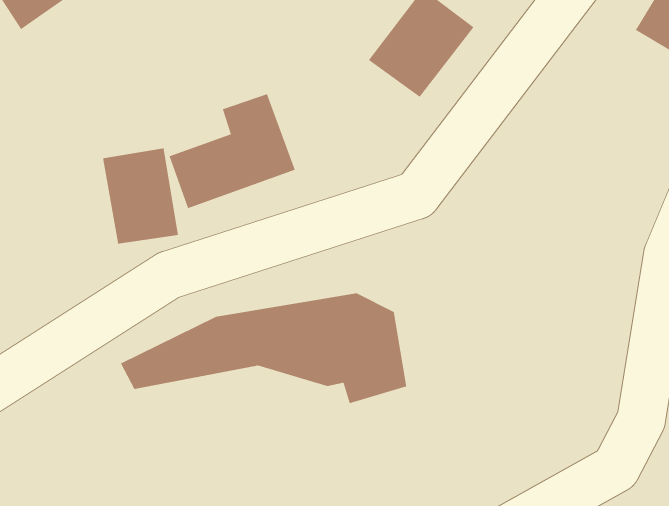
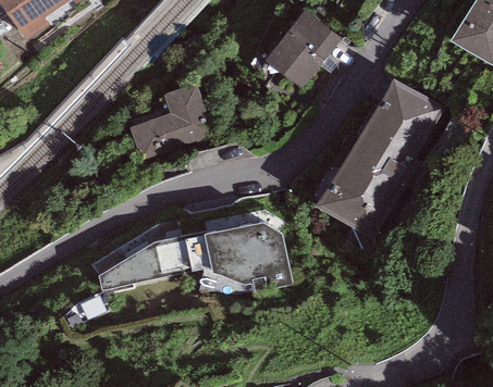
building: none -> [315,77,443,239]
building: [102,148,179,244] -> none

